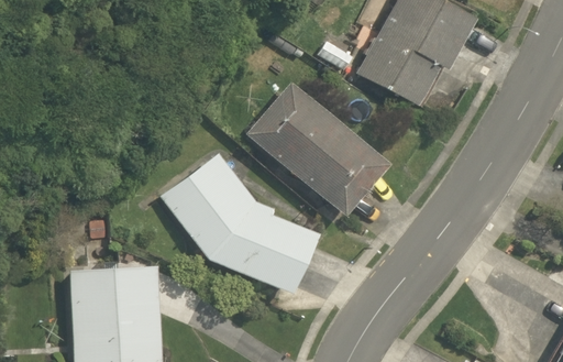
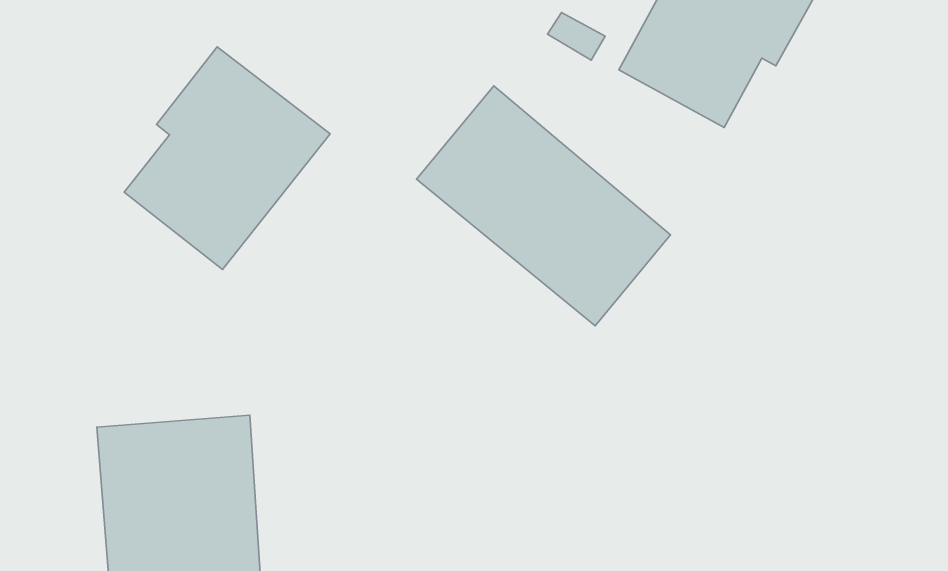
building: none -> [124,47,330,269]
building: [162,154,316,293] -> none

